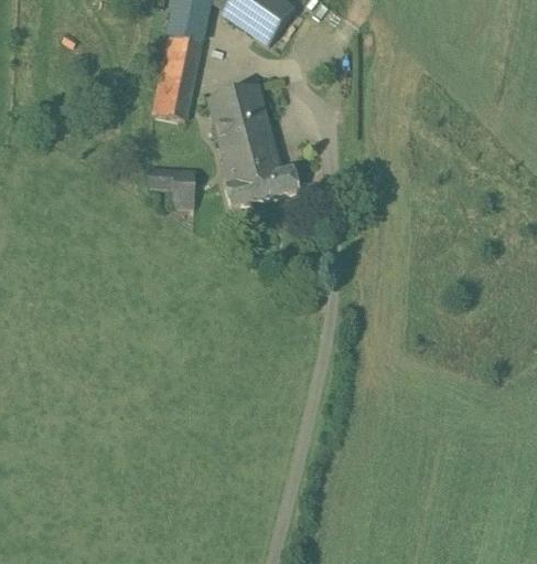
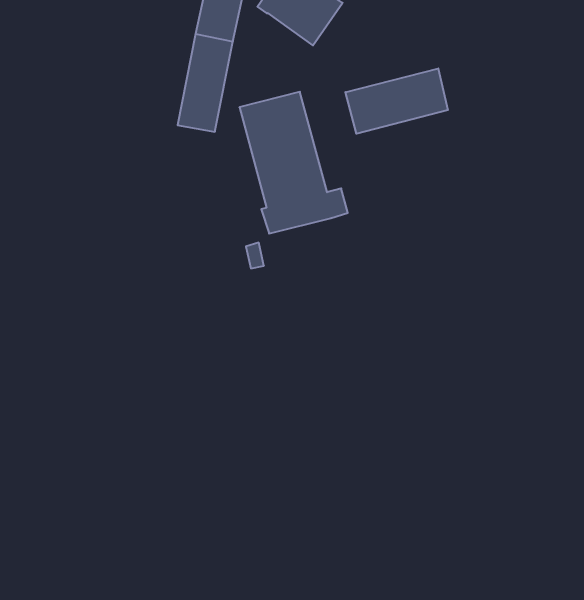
building: none -> [345,68,448,134]
building: [148,168,196,206] -> none

